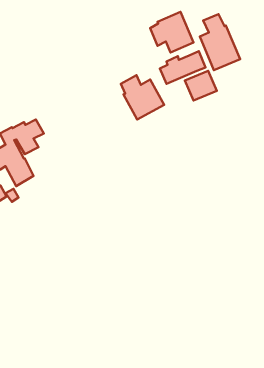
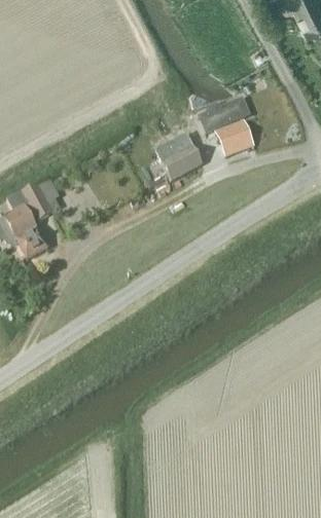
building: [150,12,194,52] -> none
building: [200,14,240,70] -> none

